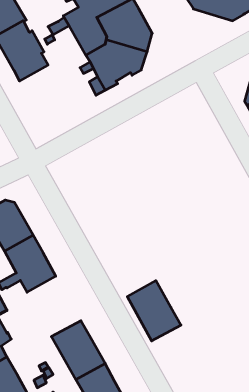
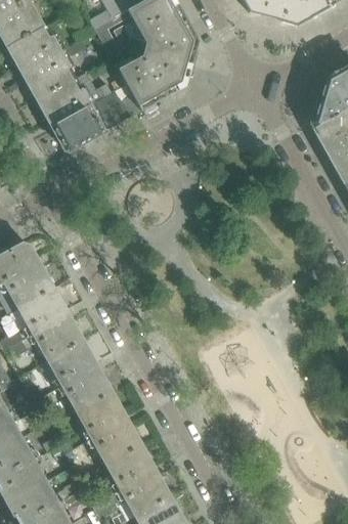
building: none -> [37,80,118,149]
building: [127,281,181,341] -> [46,338,112,411]

